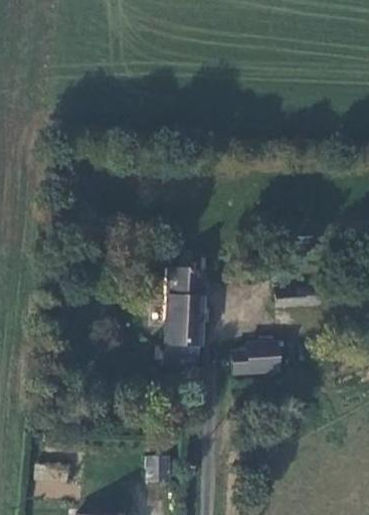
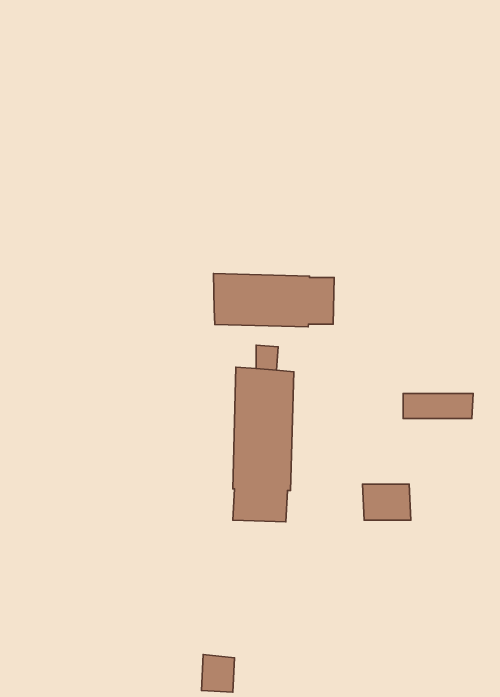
building: none -> [214,273,334,327]

